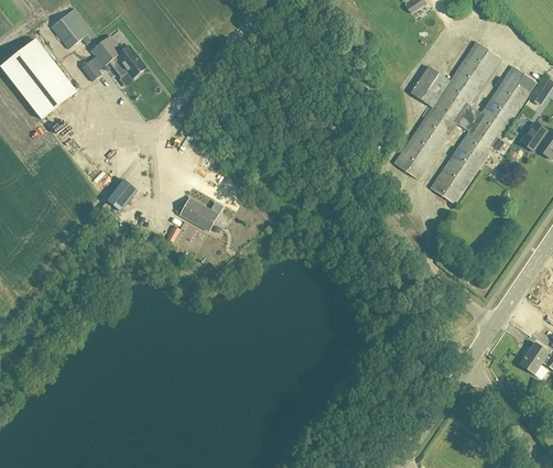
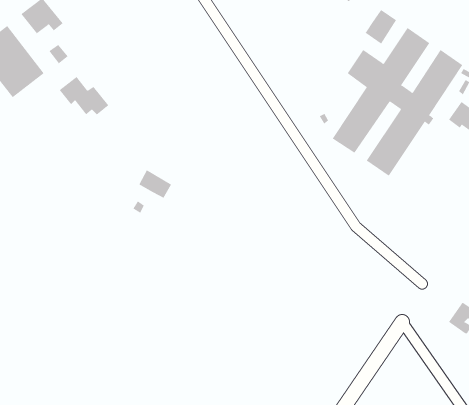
building: none -> [365,9,397,45]
building: [90,34,145,77] -> [59,76,109,115]
building: [106,177,137,210] -> none

